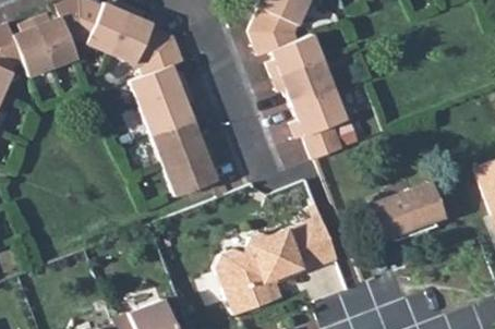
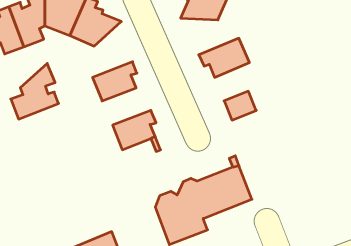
building: [249,32,322,77] -> none
building: [129,36,189,106] -> [11,63,59,119]
building: [290,87,347,138] -> none
building: [150,119,212,166] -> none
building: [371,181,443,241] -> none

